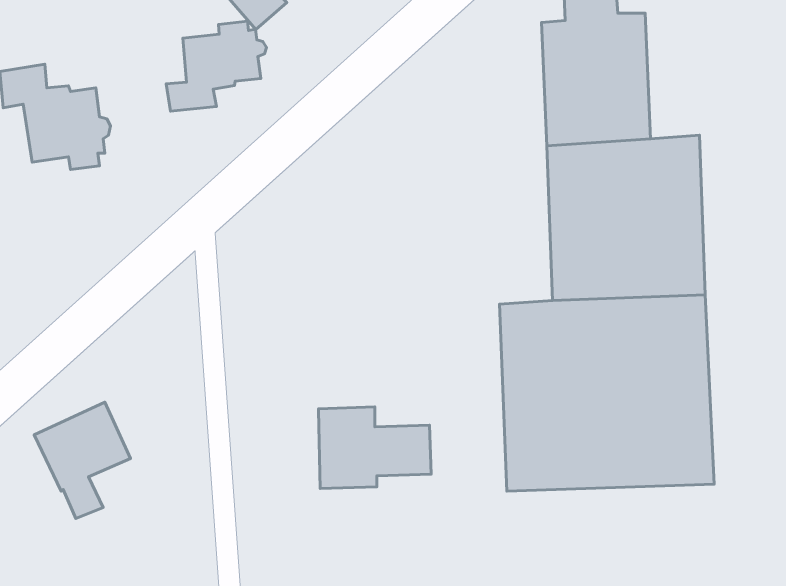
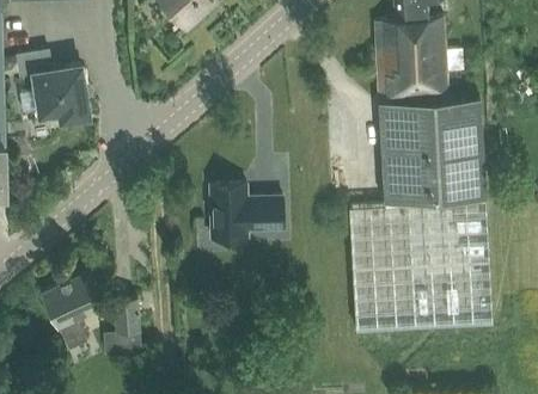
building: [166,21,267,111] -> none
building: [319,407,431,489] -> [212,184,286,238]
building: none -> [115,296,141,352]

